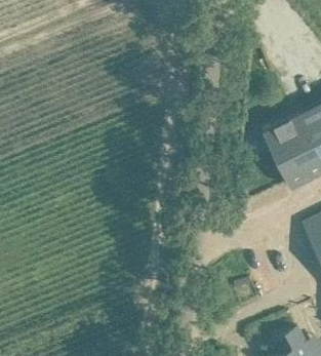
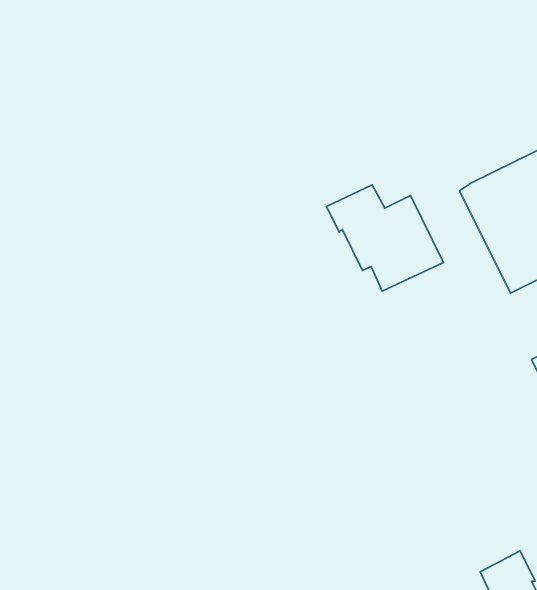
building: none -> [327,185,444,291]

